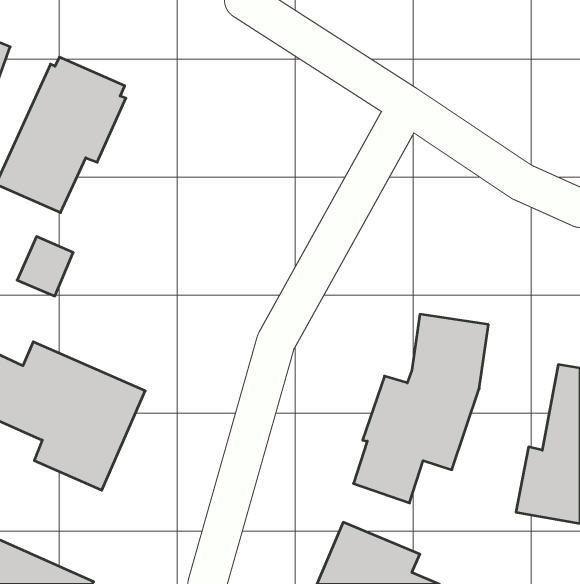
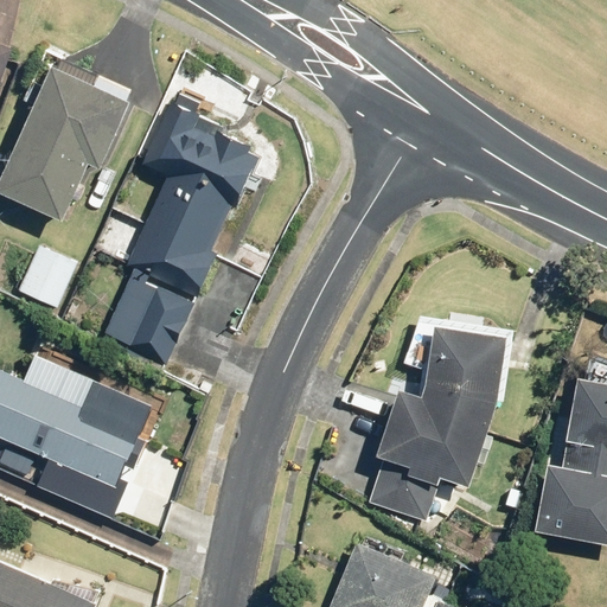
building: none -> [103,103,257,365]

